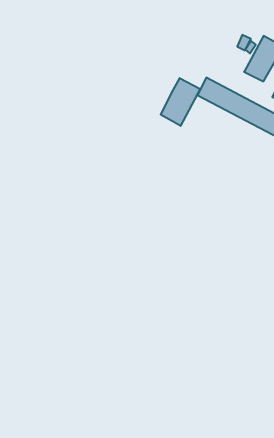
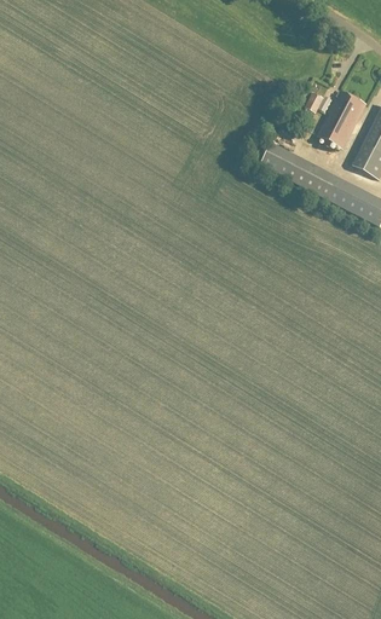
building: [161,78,200,126] -> none

